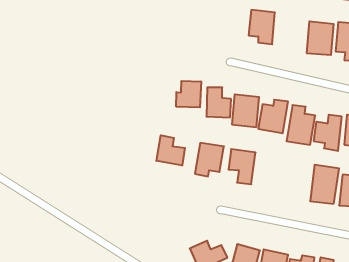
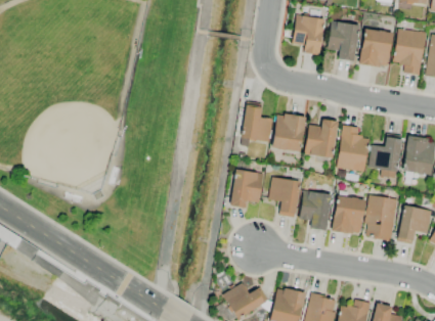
building: none -> [329,21,358,61]
building: [176,81,201,107] -> none
building: [156,135,185,166] -> none
building: none -> [301,191,331,231]
building: none -> [333,196,365,235]

